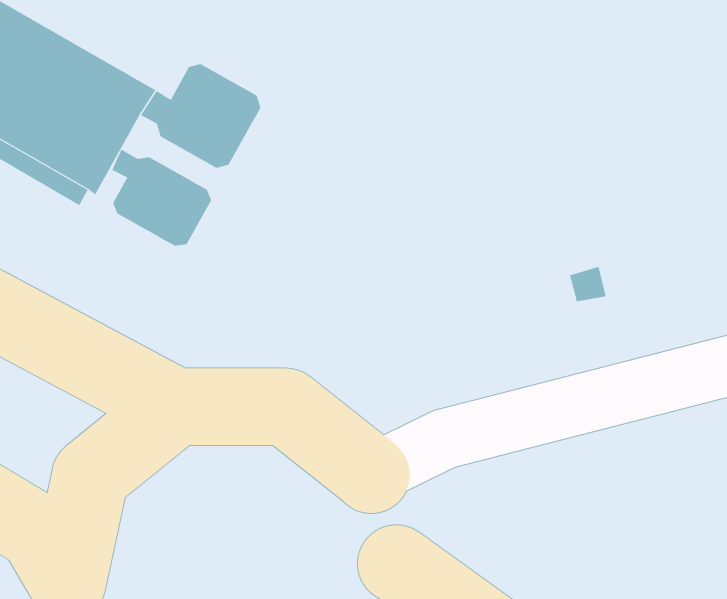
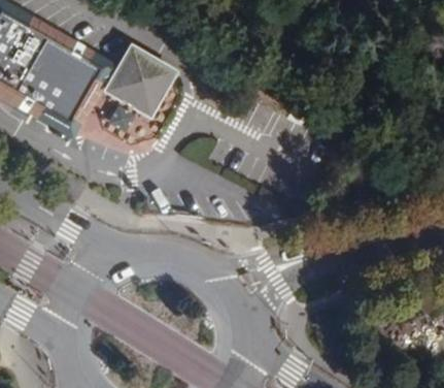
building: [111,149,212,246] -> none

